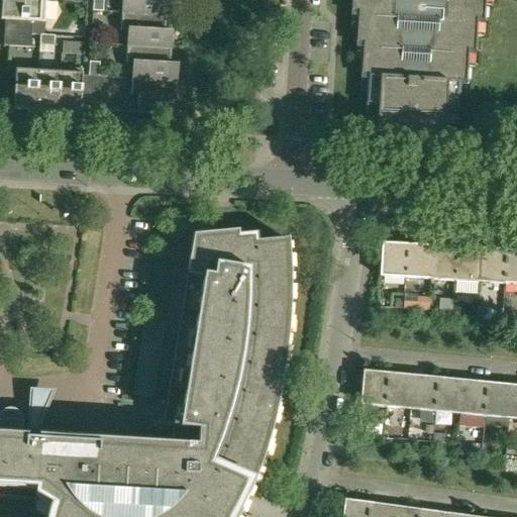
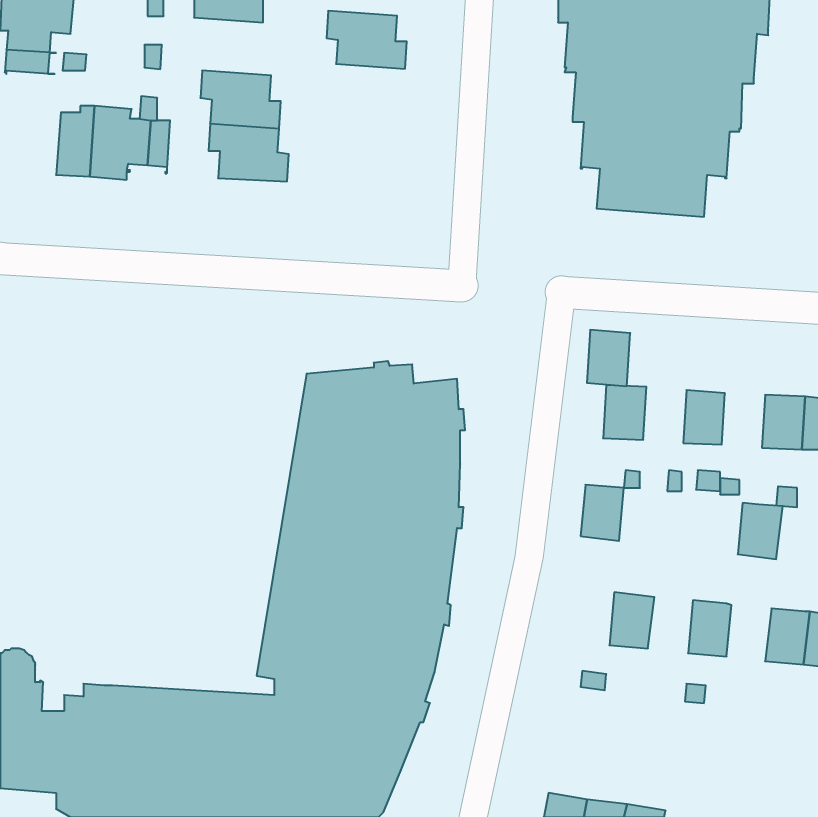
building: [122,11,173,47] -> [327,11,407,69]
building: [14,69,39,110] -> none
building: [406,243,433,279] -> [587,330,630,386]
building: [455,247,483,282] -> none
building: [360,371,388,406] -> [581,485,624,541]
building: [409,376,437,411] -> none
building: [458,381,487,416] -> [738,503,783,559]

